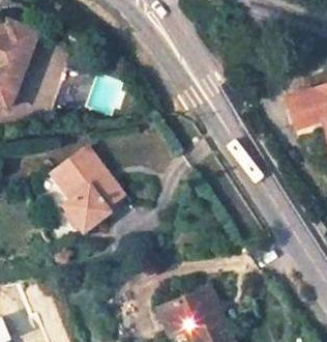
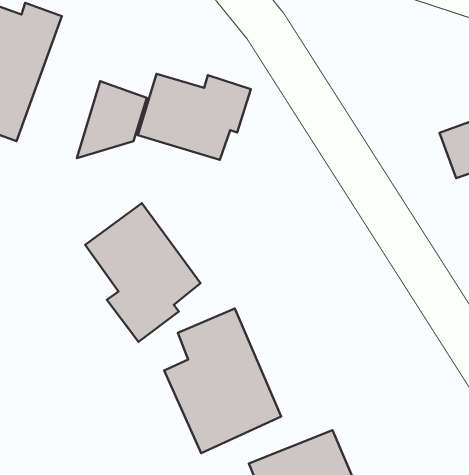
building: none -> [138,74,251,160]
building: none -> [164,308,281,453]

